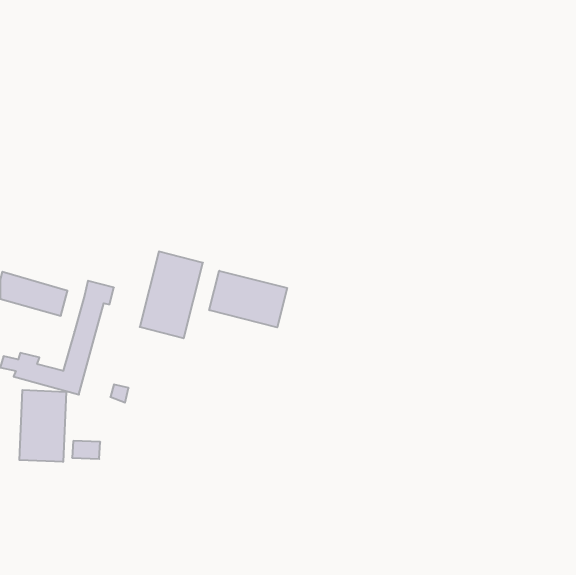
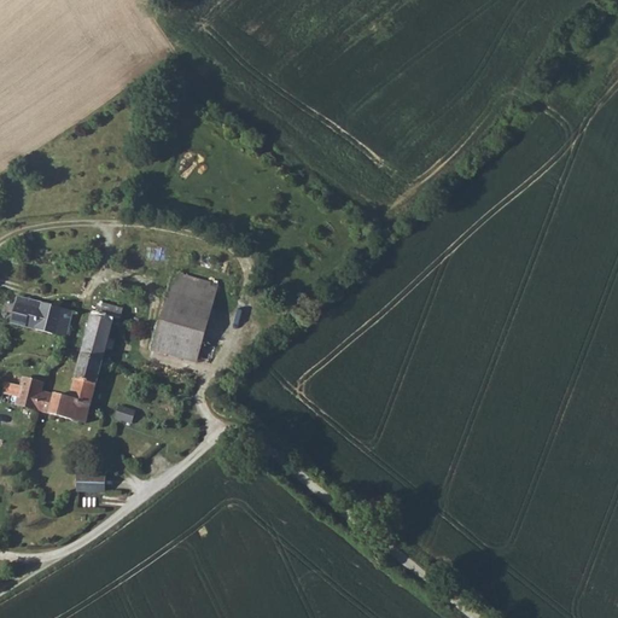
building: [209,271,287,327] -> none
building: [19,390,66,462] -> none

